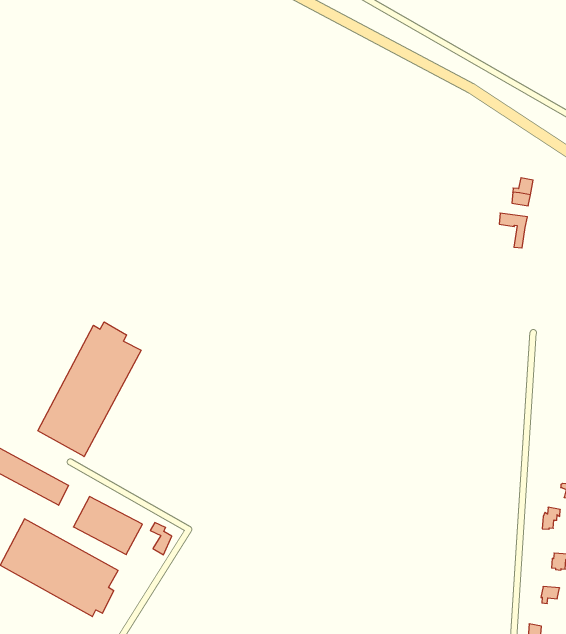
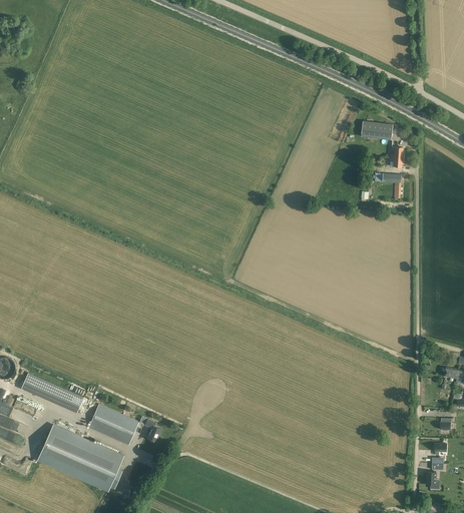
building: none -> [361,121,393,140]
building: [38,322,141,457] -> none

